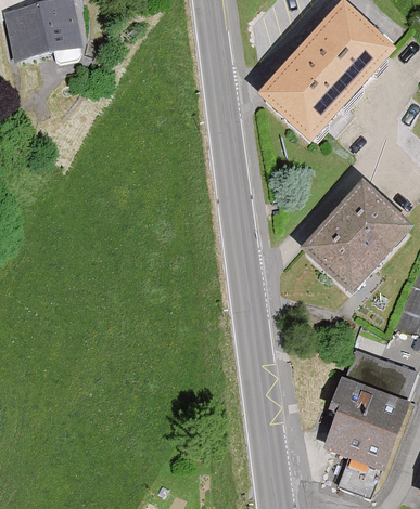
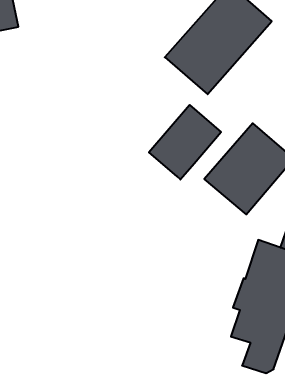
building: none -> [149,105,221,180]

